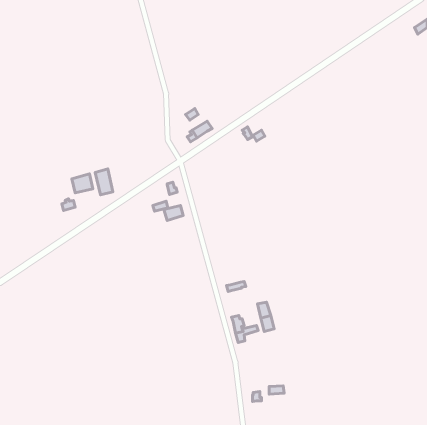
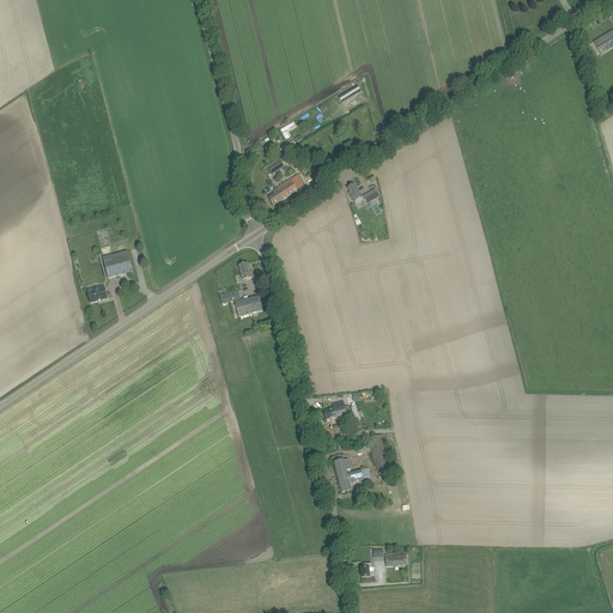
building: [95,169,113,195] -> none

